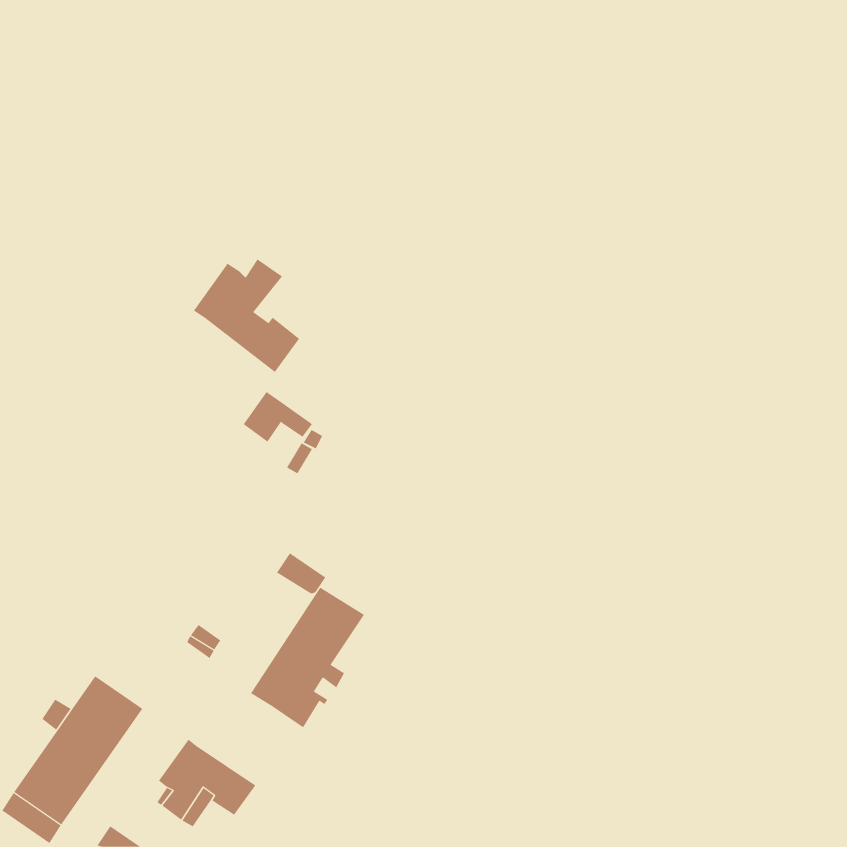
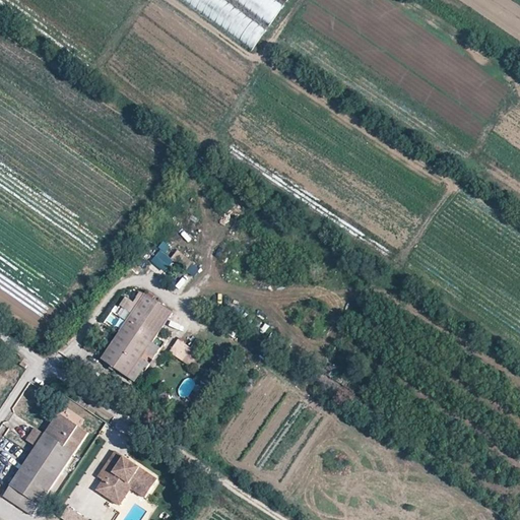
building: [193,258,300,373] -> none
building: [250,587,365,728] -> [101,294,171,380]

